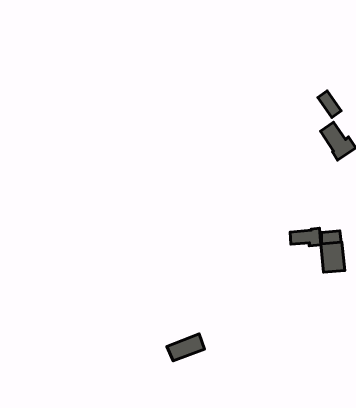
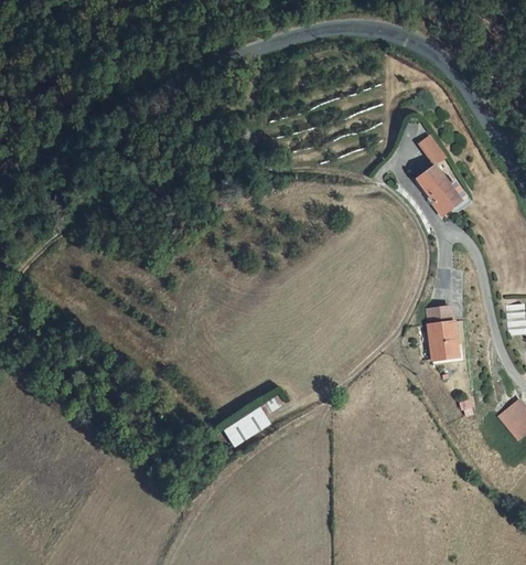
building: [290,228,321,246] -> none
building: [167,334,205,361] -> [224,406,271,441]

